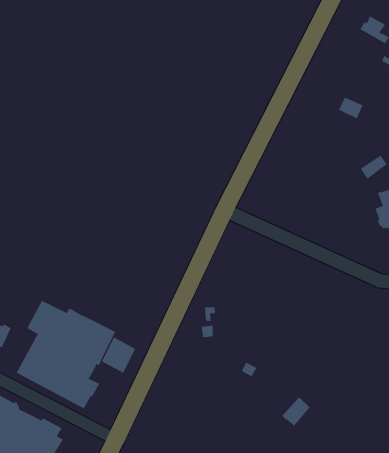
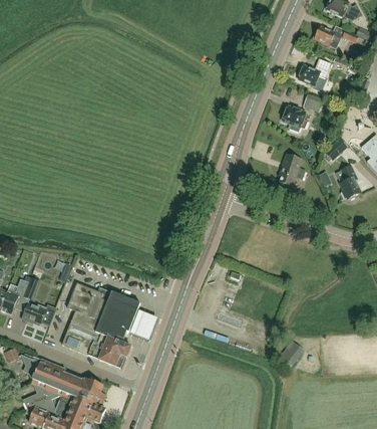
building: none -> [298,58,331,84]
building: none -> [283,106,307,131]
building: none -> [280,153,306,186]

